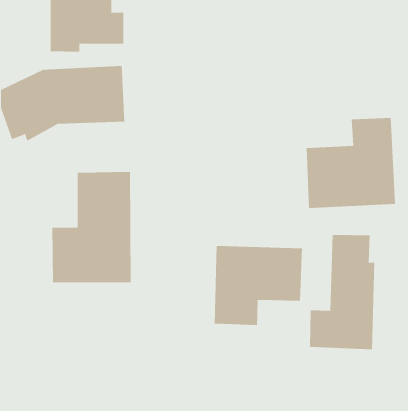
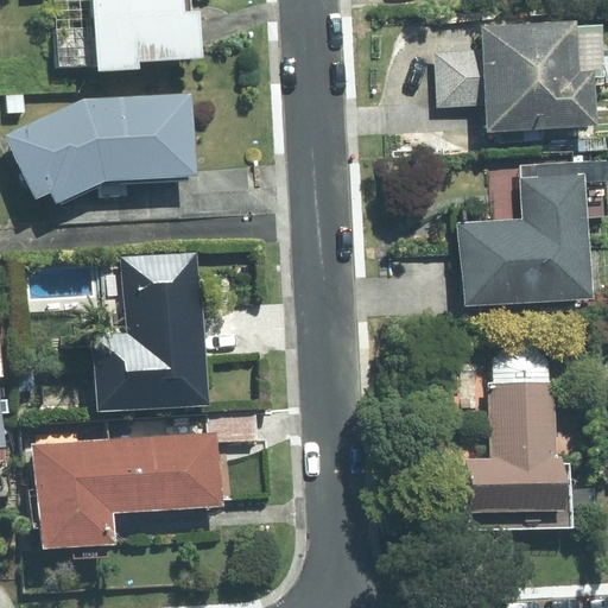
building: none -> [442,21,600,128]
building: [214,245,302,326] -> none
building: none -> [36,433,228,553]

